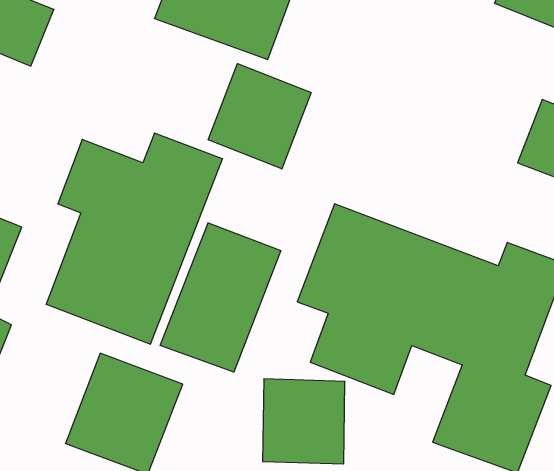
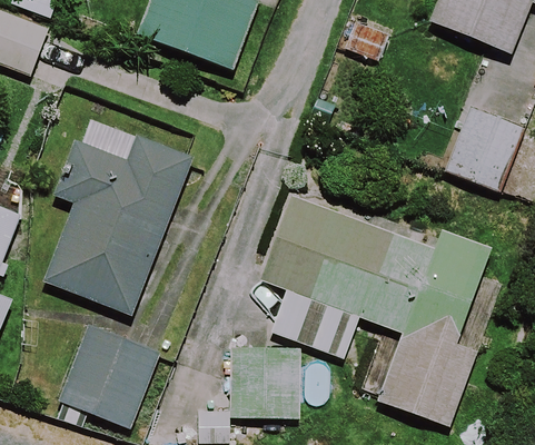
building: [208,64,311,169] -> none
building: [160,223,281,372] -> none

